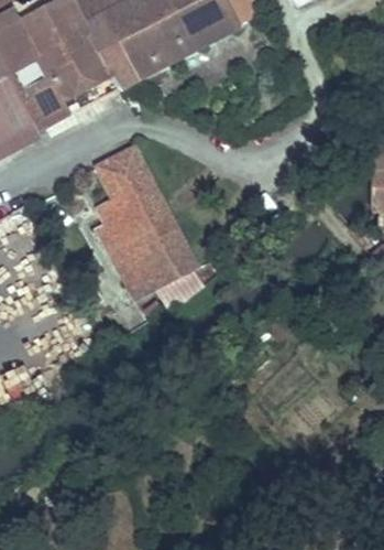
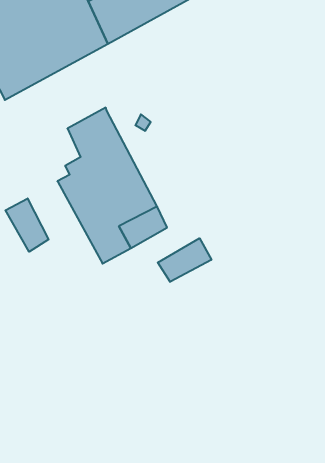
building: none -> [5,198,49,252]
building: none -> [158,238,211,282]

